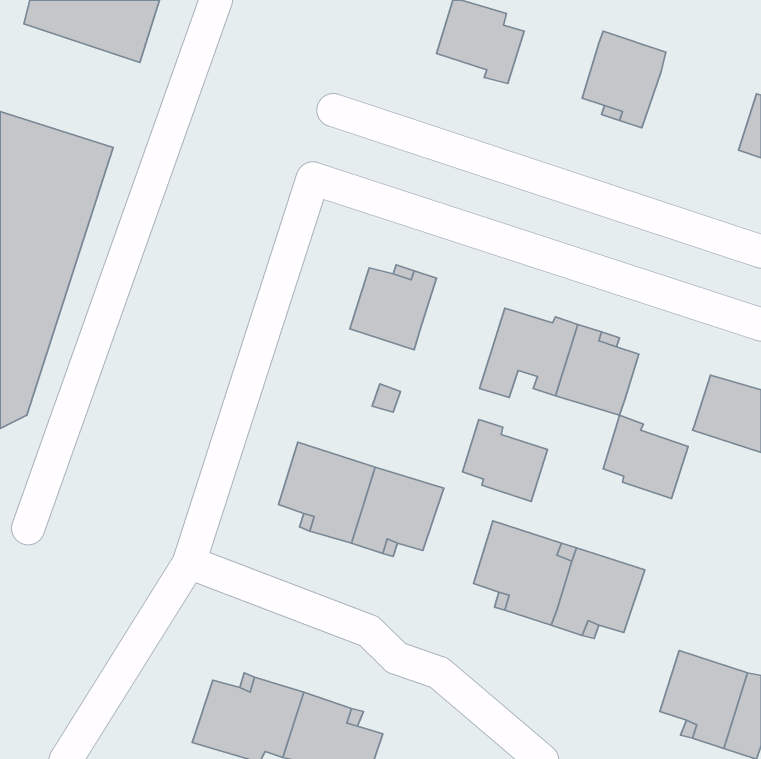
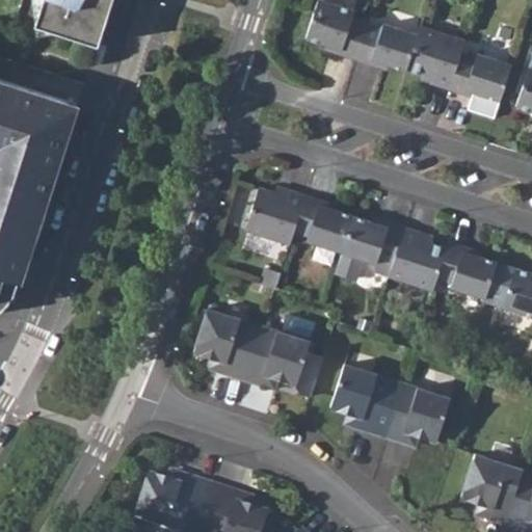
building: none -> [354,21,418,71]
building: none -> [448,51,511,102]
building: [603,415,688,499] -> [436,241,496,299]
building: [463,420,547,501] -> [293,195,352,252]

